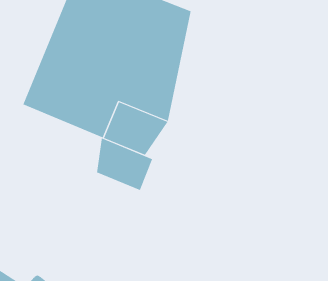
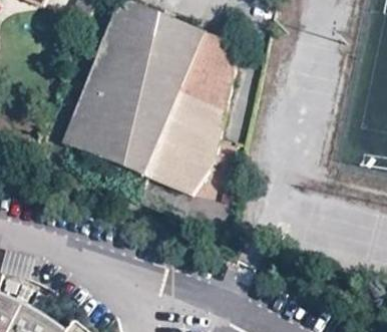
building: [97,138,153,191] -> none

